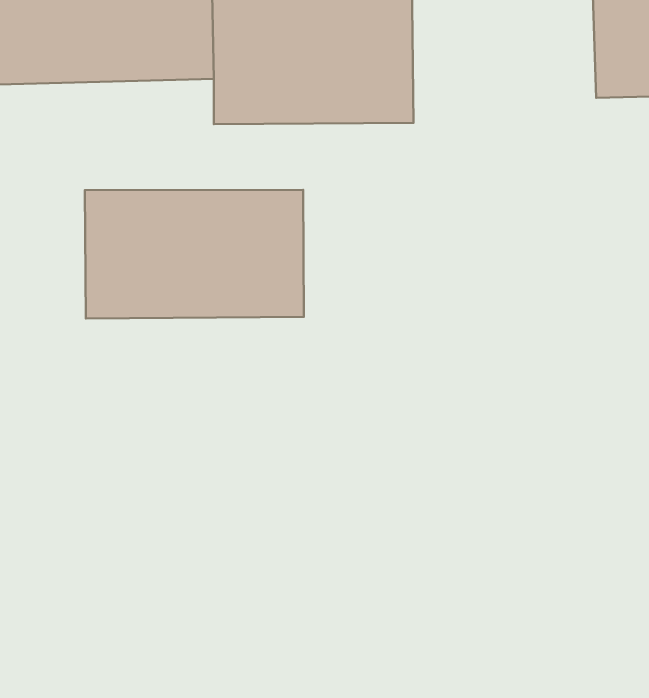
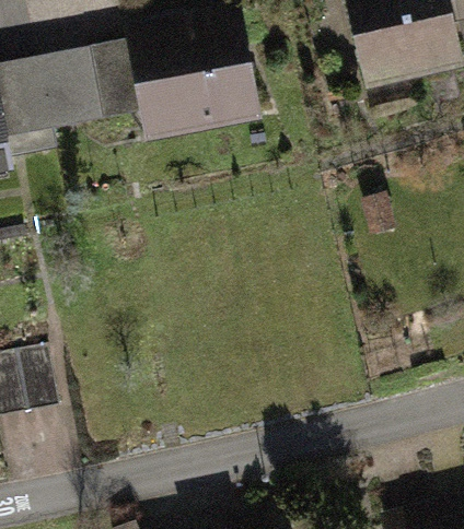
building: [85,190,304,319] -> none

